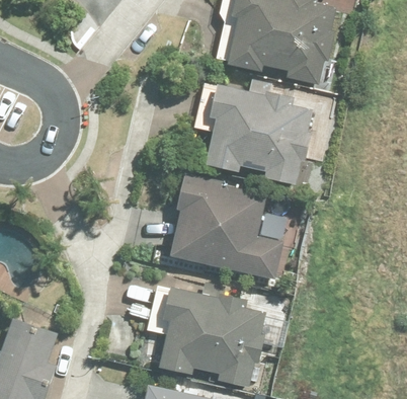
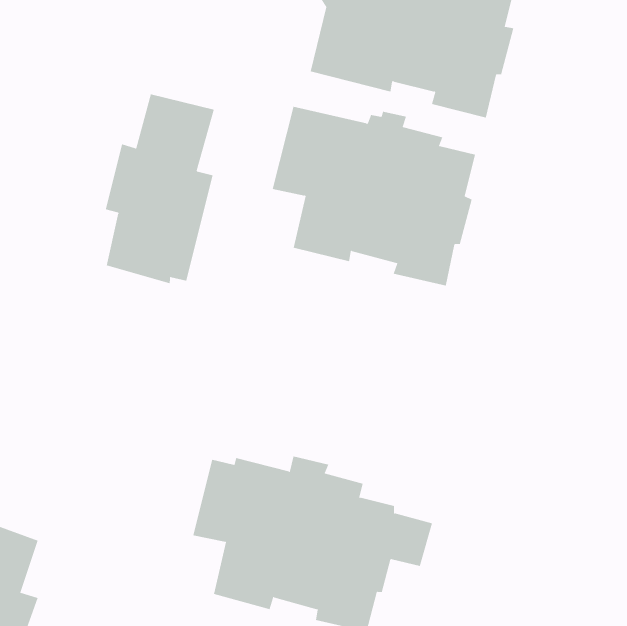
building: none -> [105,93,214,284]
building: [171,173,281,278] -> none

